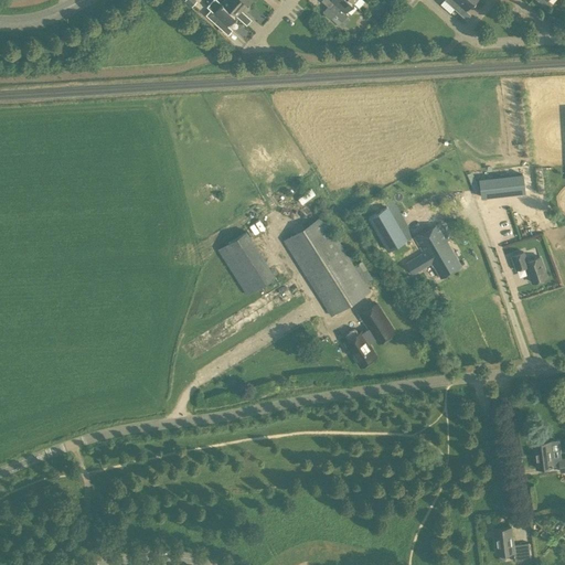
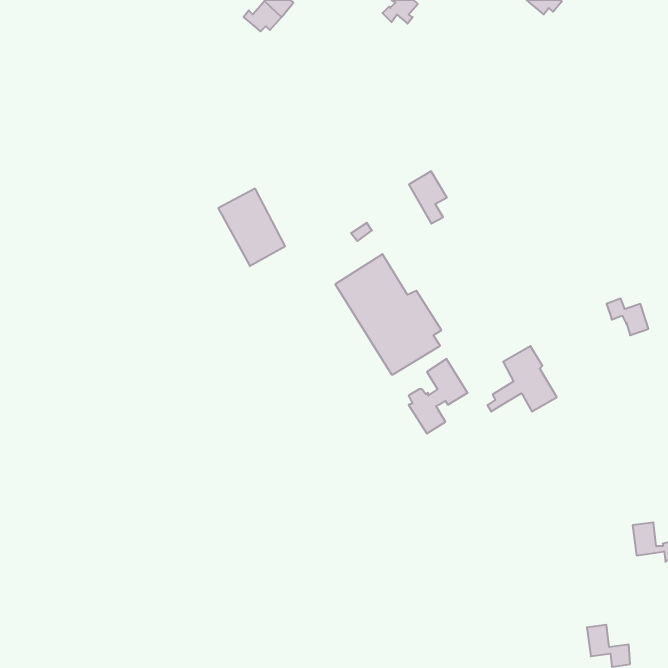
building: [479,174,526,198] -> none
building: [370,206,402,250] -> [409,171,447,224]
building: [404,223,462,278] -> [487,346,557,412]
building: [216,230,273,295] -> [218,189,285,266]

